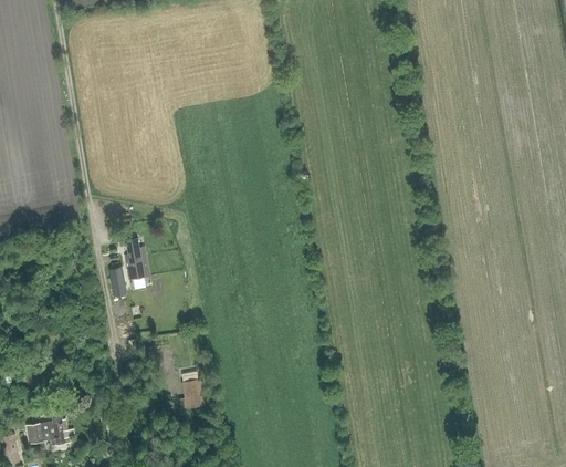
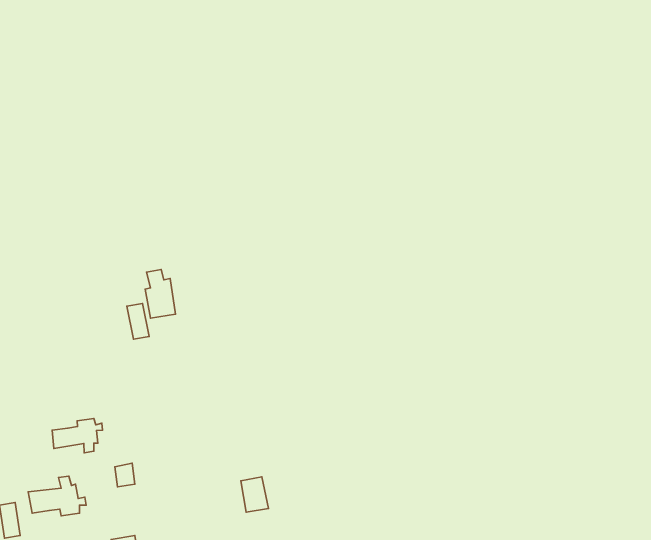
building: none -> [52,418,103,453]
building: [181,378,205,408] -> [241,477,268,512]

